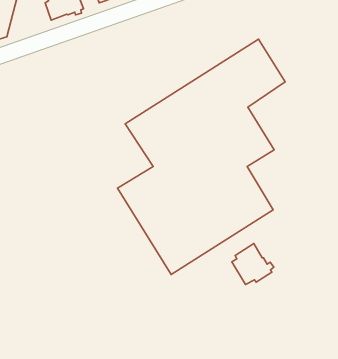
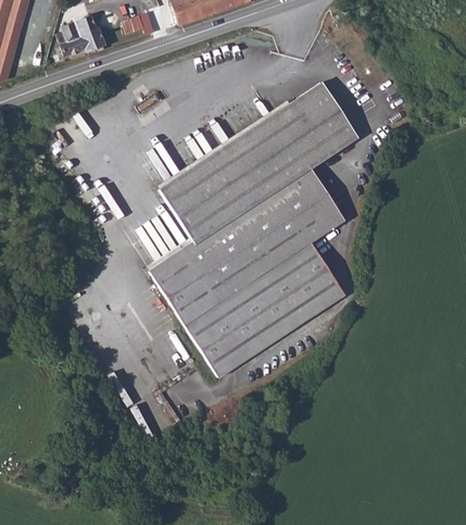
building: [232,244,274,285] -> none

